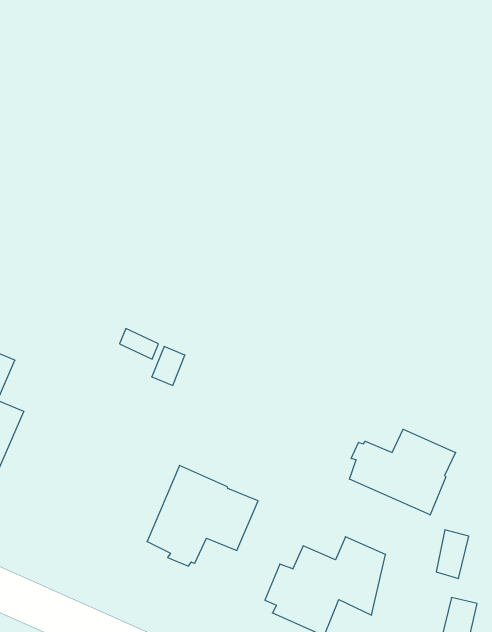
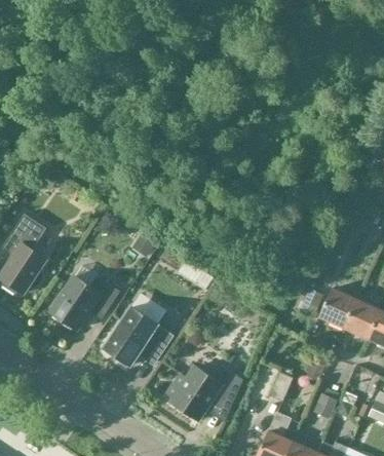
building: none -> [51,275,120,329]
building: [350,429,456,515] -> none

